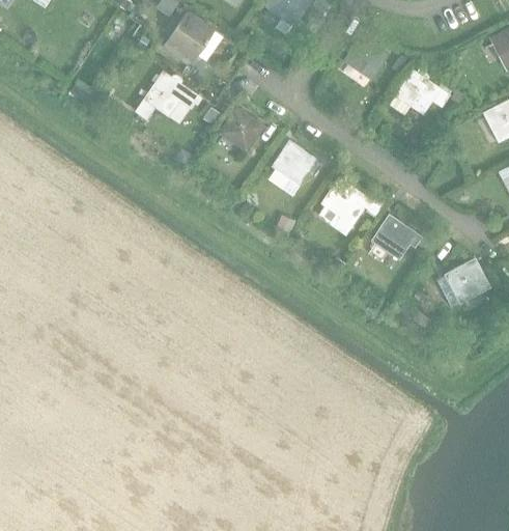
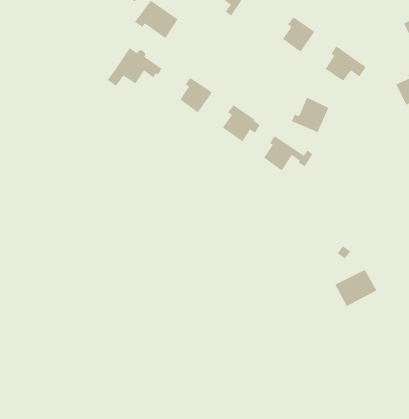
building: none -> [291,97,329,133]
building: [374,215,415,258] -> none
building: [436,260,488,306] -> [334,269,377,307]

